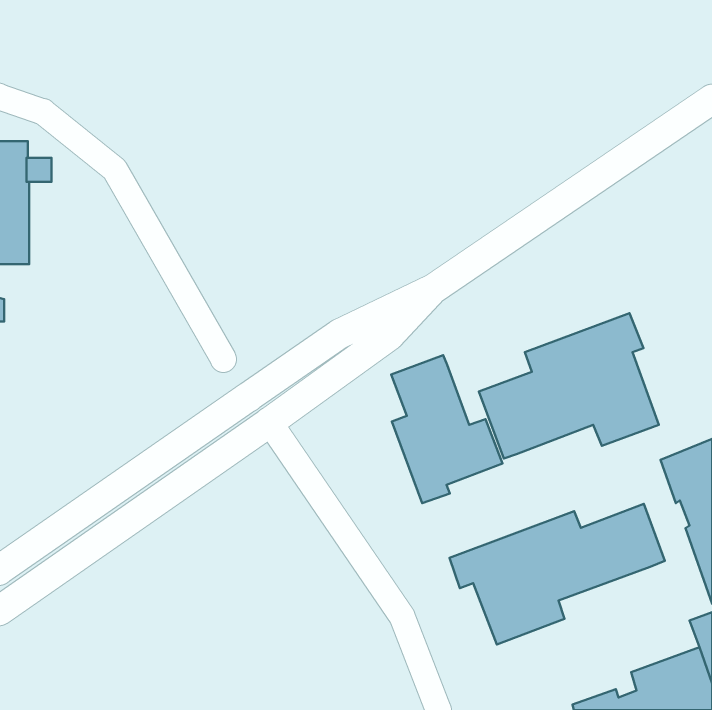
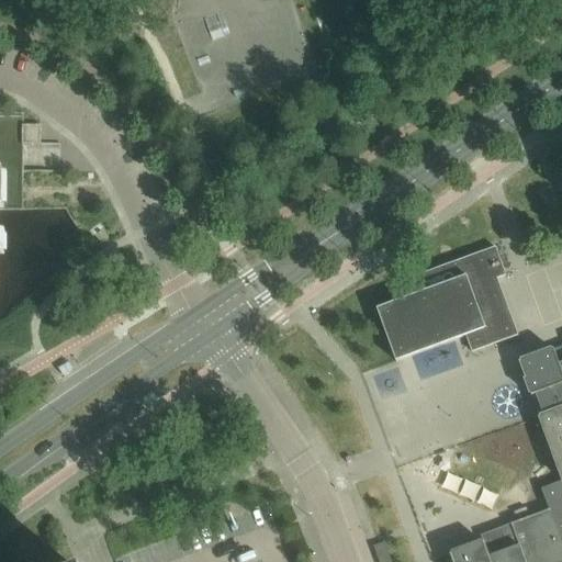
building: [391,355,502,503] -> none
building: [450,504,665,645] -> none

